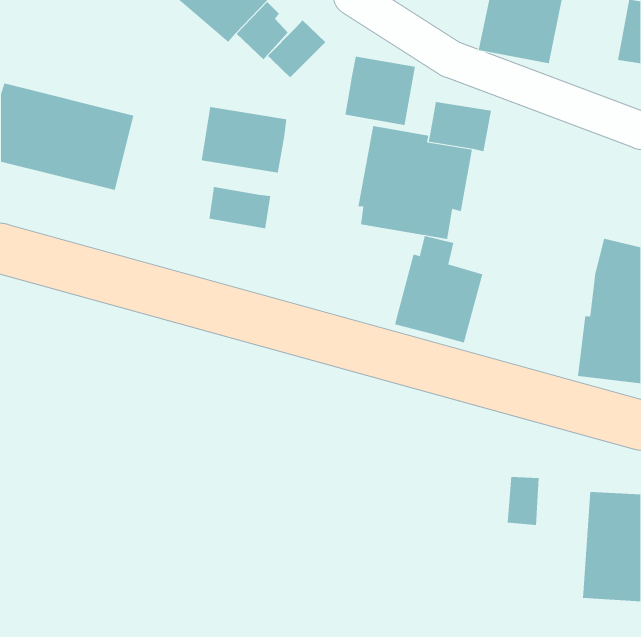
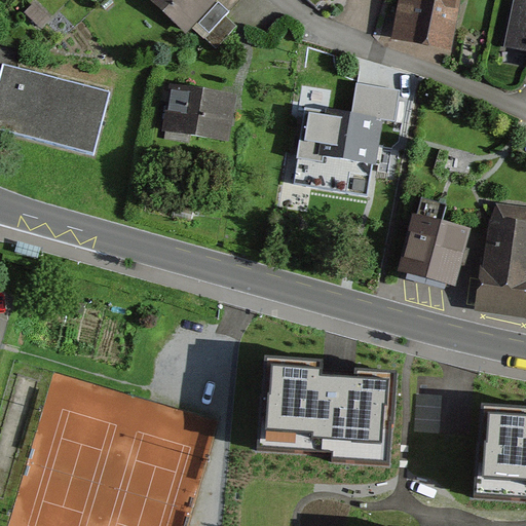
building: [267,19,326,78] -> none
building: [345,56,415,126] -> none
building: [209,186,271,229] -> none
building: [394,235,483,343] -> [397,194,469,283]
building: none -> [260,354,394,459]

